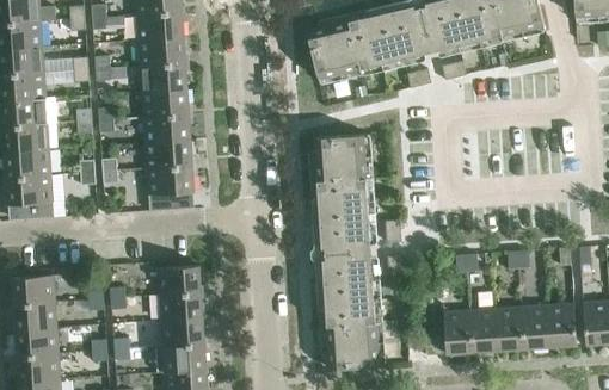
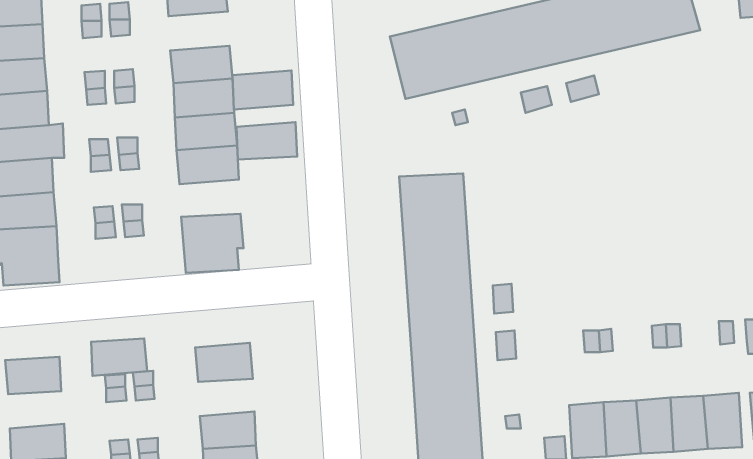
building: [137,11,184,41] -> [232,71,293,109]
building: [146,140,192,168] -> [236,122,297,160]
building: [160,292,203,321] -> none
building: [14,302,57,330] -> [91,339,147,376]

